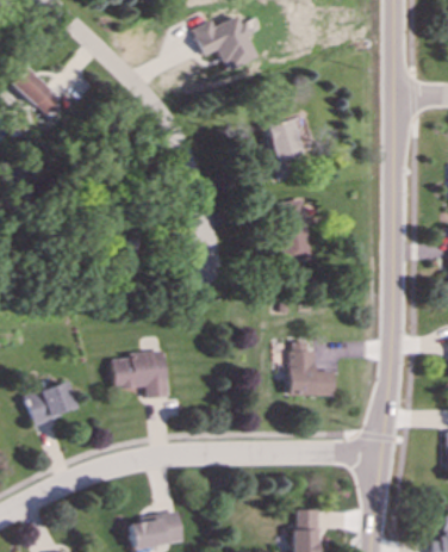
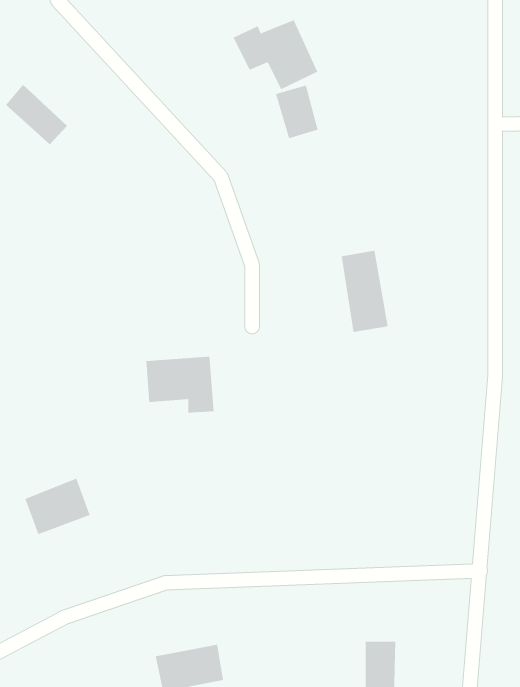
building: [267,119,301,162] -> [275,85,318,139]
building: [290,343,335,396] -> none
building: [113,353,168,398] -> [146,356,215,413]

